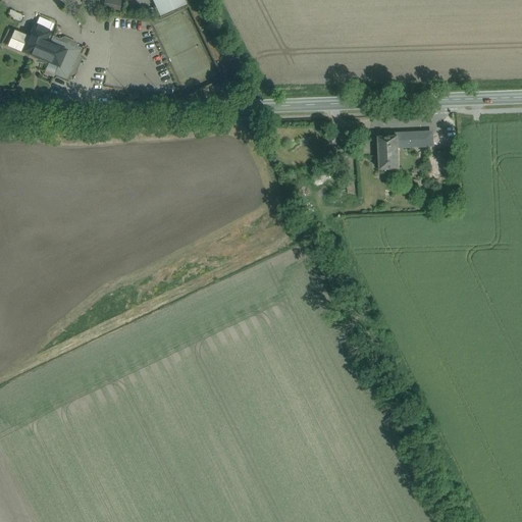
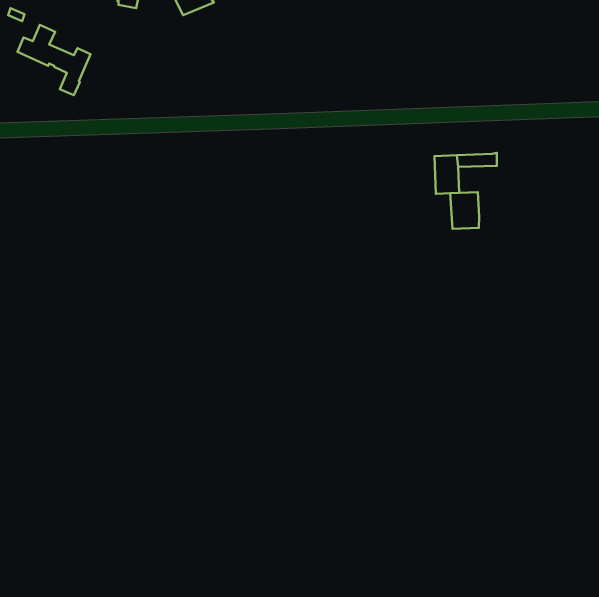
building: none -> [450,192,479,229]

